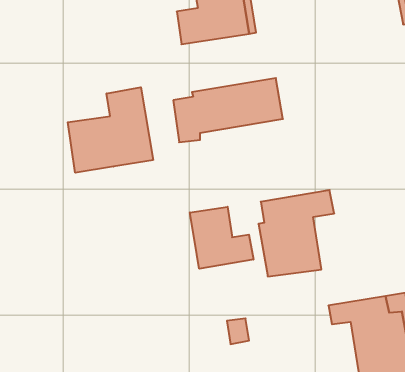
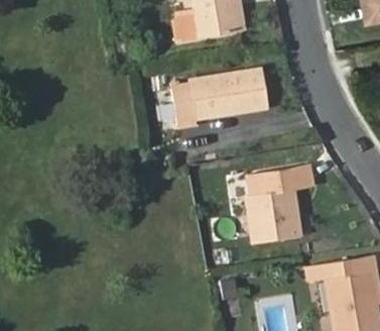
building: [68,87,153,173] -> none
building: [190,207,253,269] -> none

